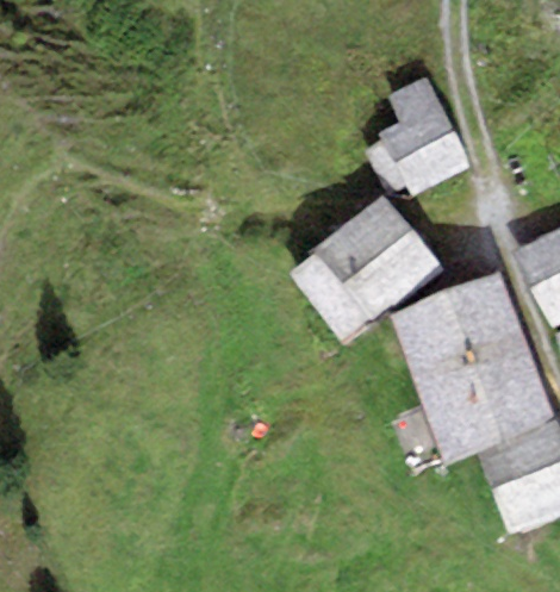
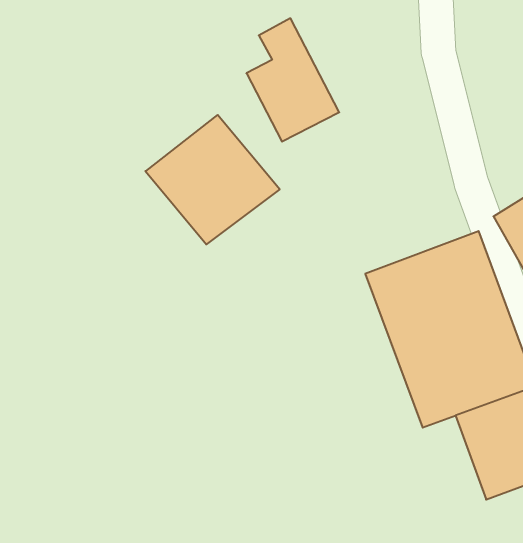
building: [379,77,469,198] -> [246,18,339,142]
building: [310,194,441,320] -> [145,115,280,244]

